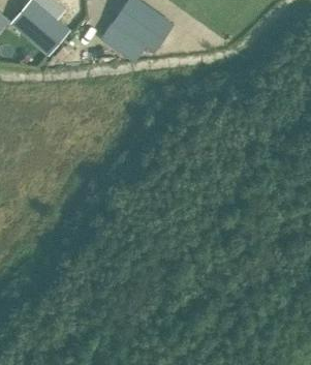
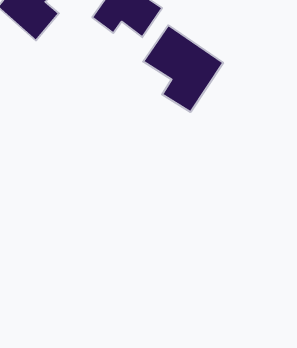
building: none -> [143,25,223,112]

